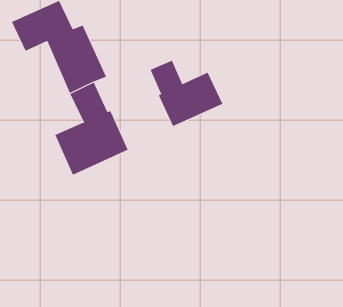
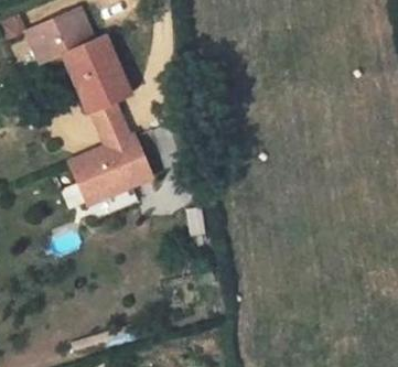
building: [150,60,223,127] -> none

